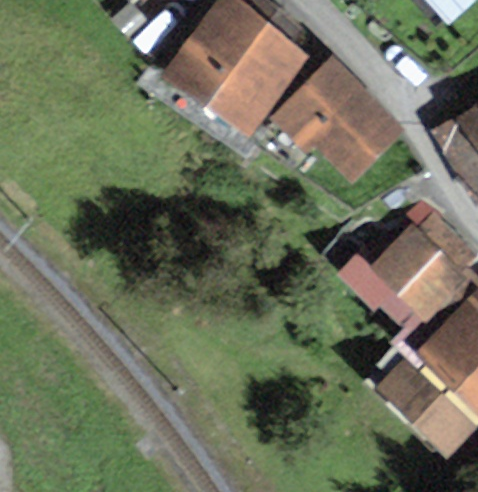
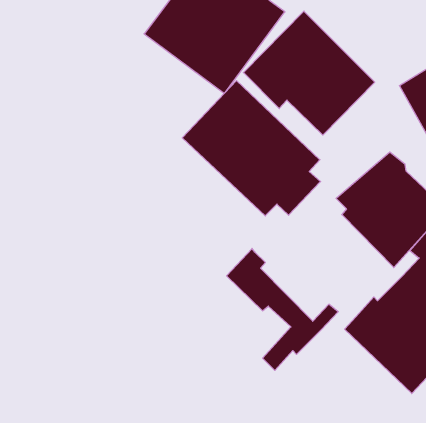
building: none -> [182,81,321,216]
building: [336,246,454,375] -> [227,248,338,370]

